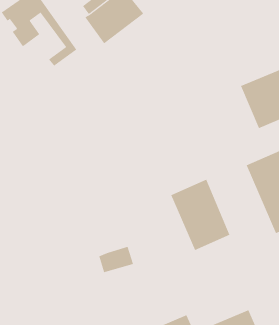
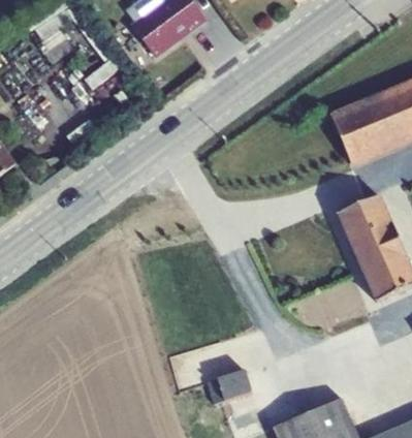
building: [171,179,230,251] -> none
building: [99,246,134,273] -> [208,369,253,403]

